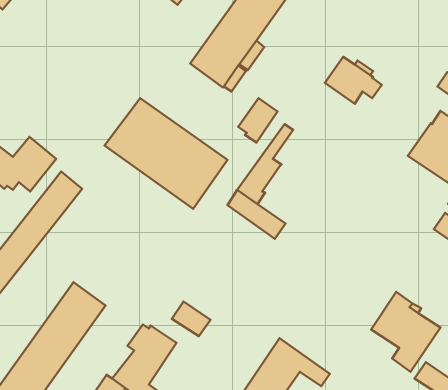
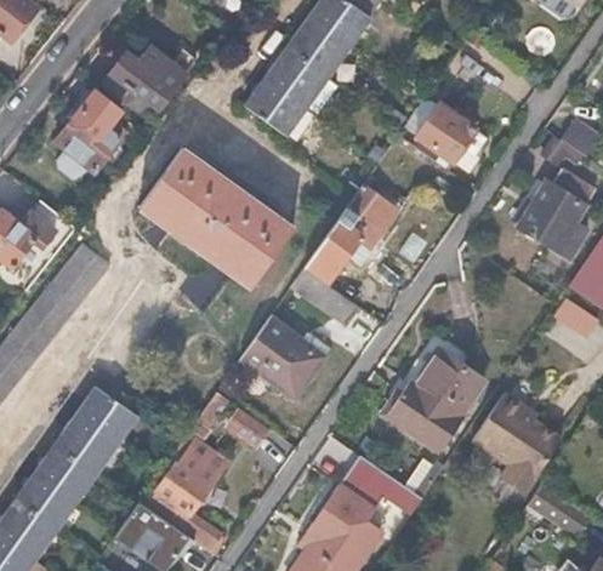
building: none -> [101,46,197,129]
building: none -> [56,91,135,173]
building: [238,98,278,142] -> [349,192,399,247]
building: none -> [241,315,324,395]
building: none -> [387,331,484,449]

